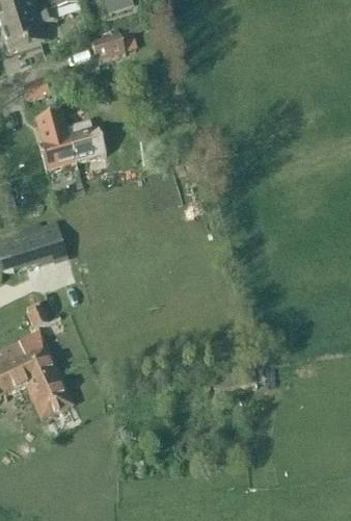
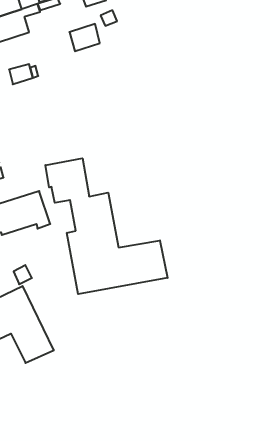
building: [35,109,107,168] -> none
building: none -> [45,158,168,294]

